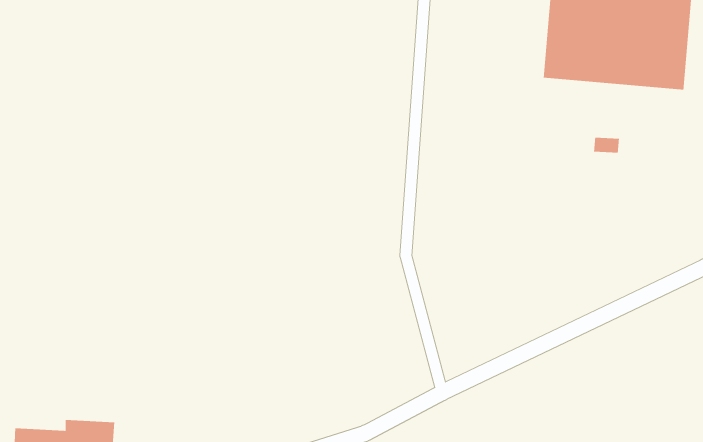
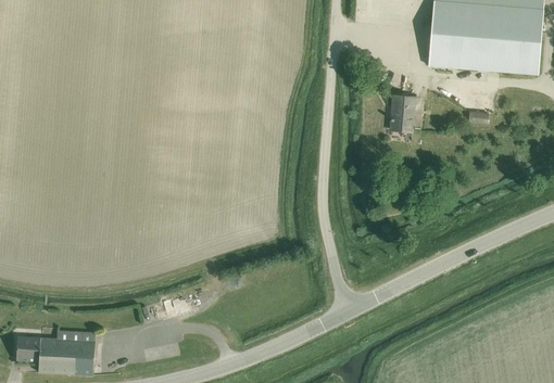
building: none -> [390,95,417,131]

